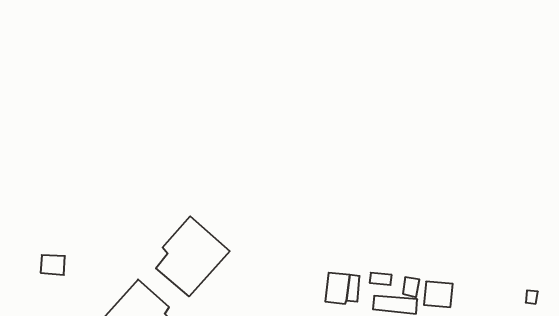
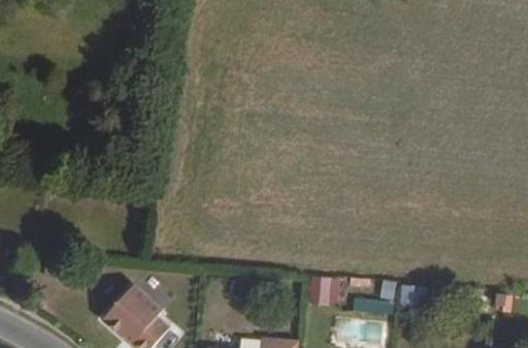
building: [156,216,230,296] -> none

